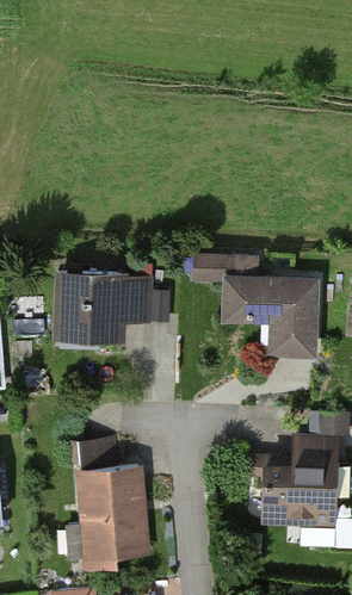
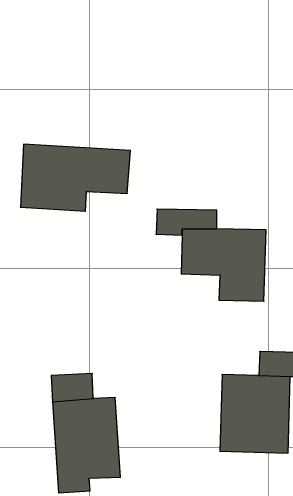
building: [49,268,174,345] -> [20,144,130,211]

